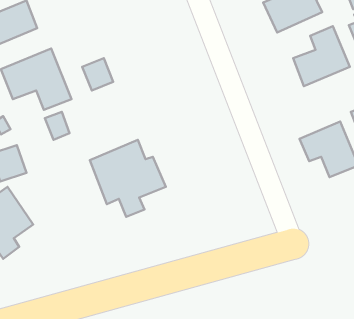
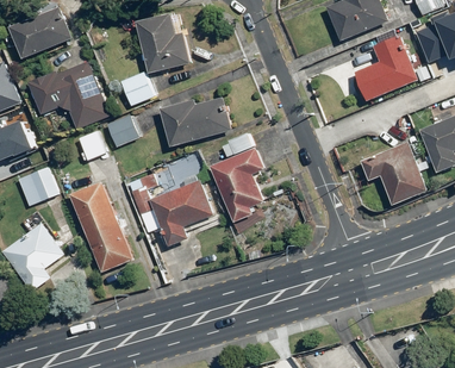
building: none -> [136,12,189,74]
building: none -> [161,98,231,146]
building: none -> [106,114,139,148]
building: none -> [207,132,263,223]
building: none -> [69,181,133,272]

